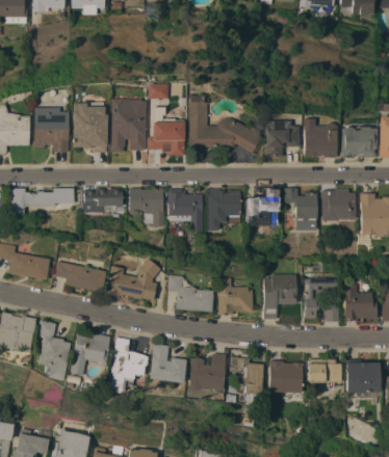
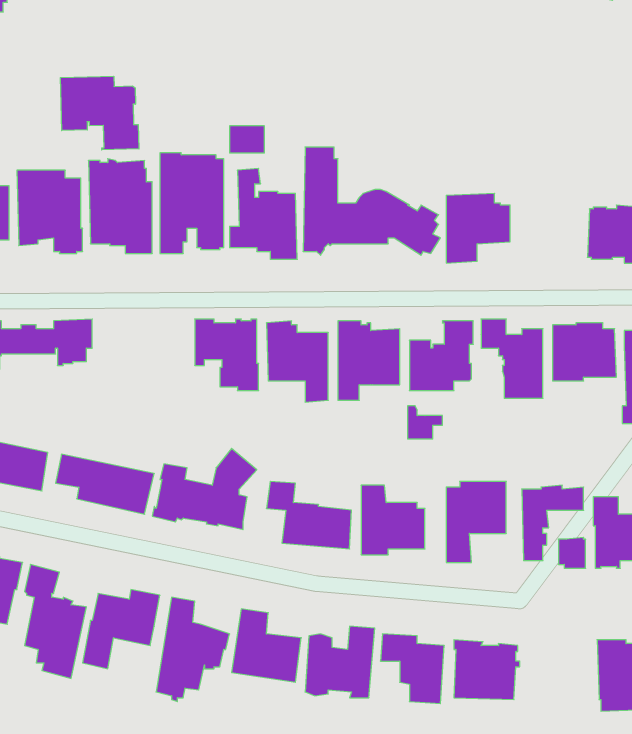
building: none -> [60,76,139,150]
building: [303,119,337,158] -> none
building: [82,189,124,213] -> none
building: [308,358,341,383] -> none

